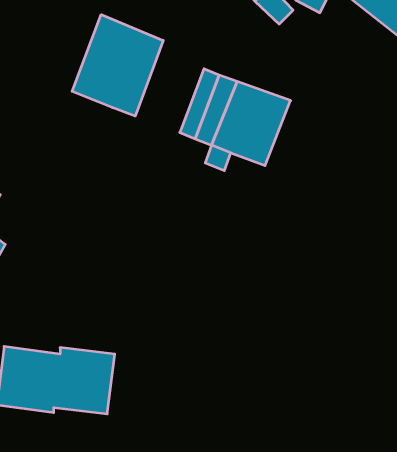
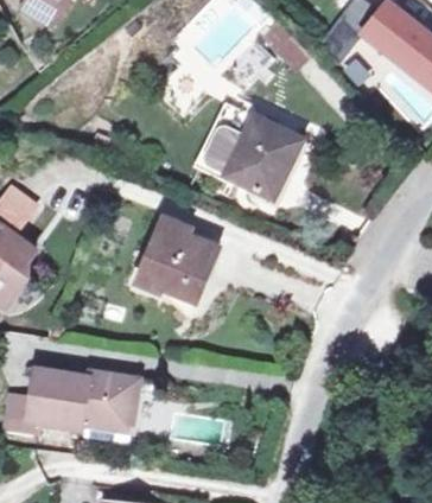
building: [72,15,163,116] -> none
building: none -> [128,216,202,298]

